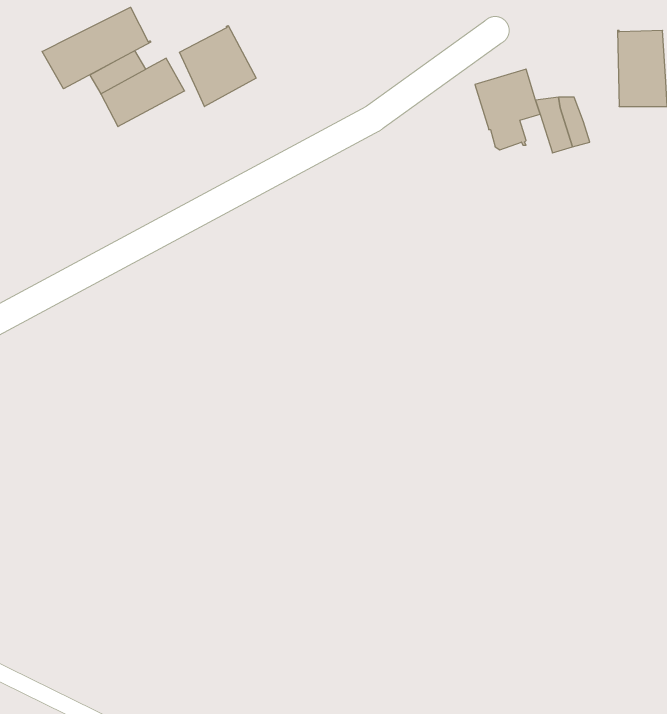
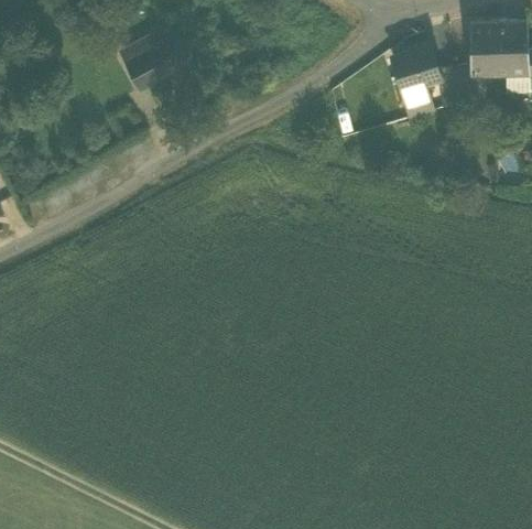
building: [42,7,151,89] -> none
building: [180,26,256,107] -> none
building: none -> [469,23,495,79]

